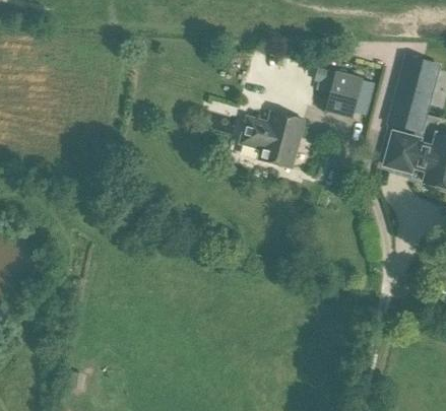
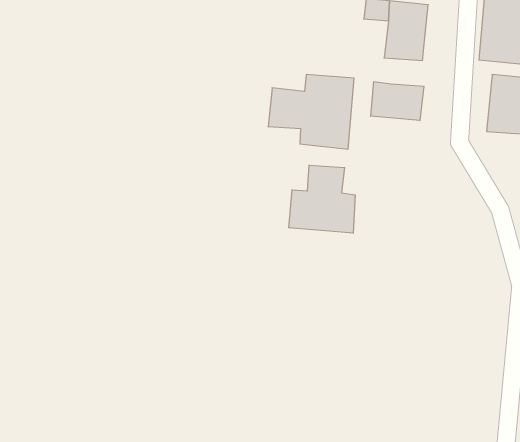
building: none -> [371,82,424,121]
building: none -> [289,165,355,233]

